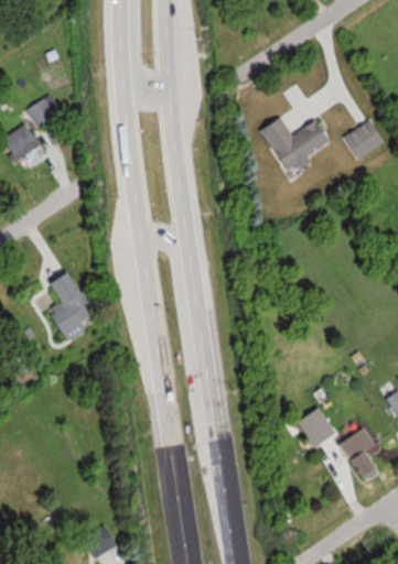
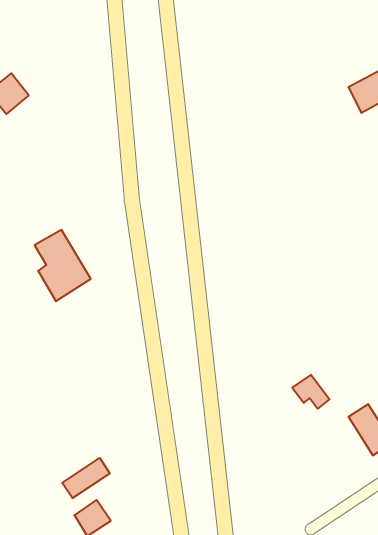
building: [28,93,61,124] -> none
building: [261,117,333,175] -> none
building: none -> [62,458,110,498]

